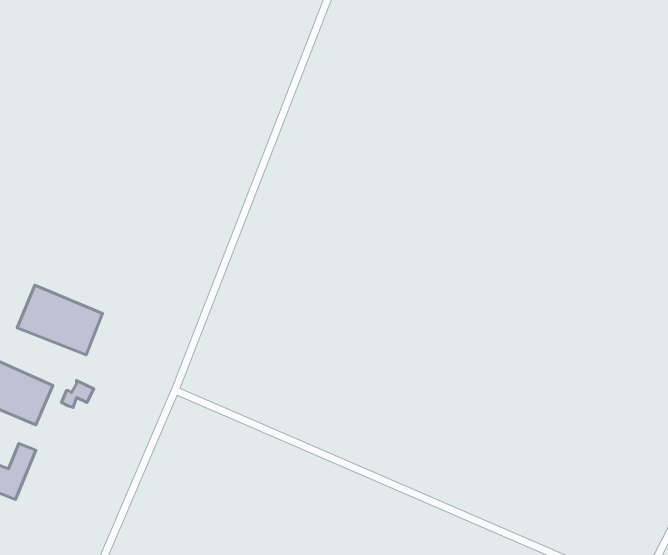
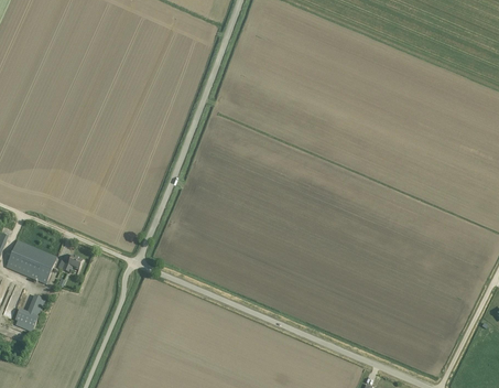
building: [17,285,102,355] -> none

